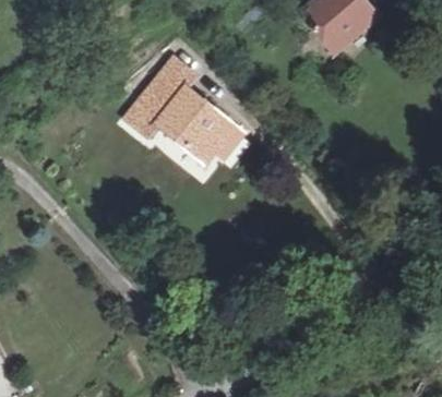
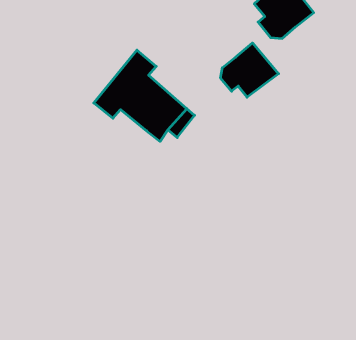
building: none -> [221,43,279,97]

